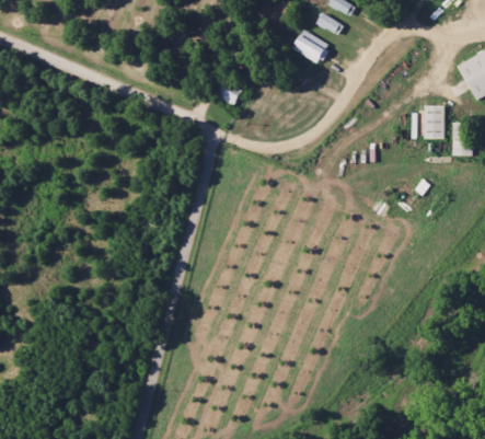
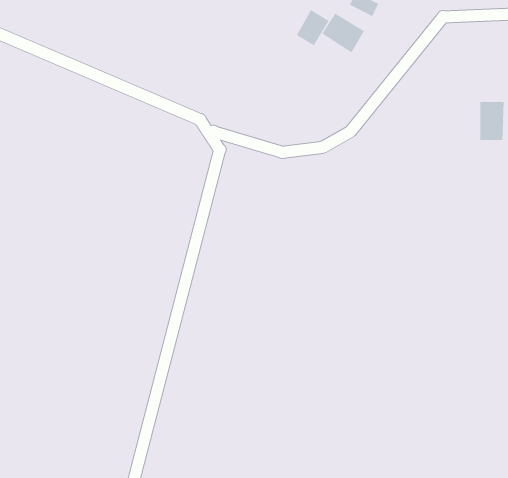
building: none -> [296,9,330,46]

